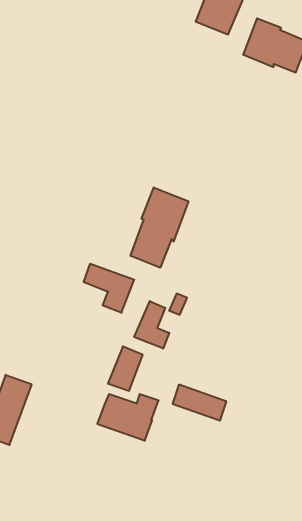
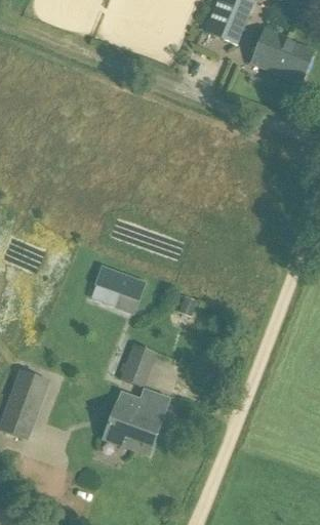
building: [131,187,188,268] -> none
building: [134,301,169,349] -> none
building: [173,385,226,421] -> [104,419,156,454]

